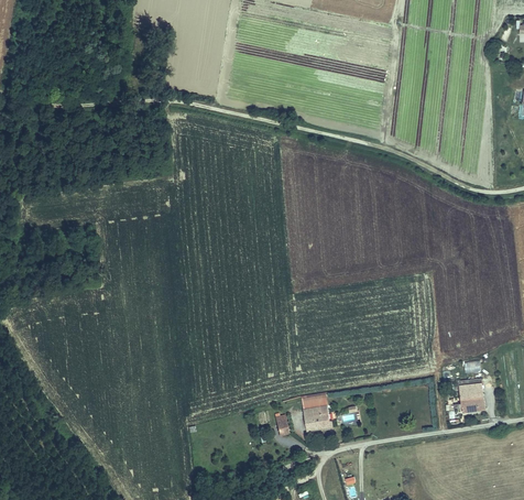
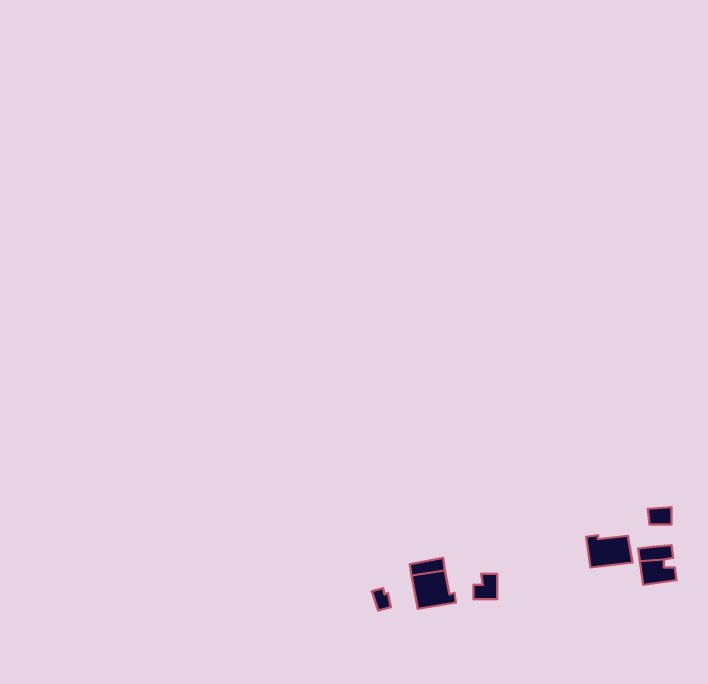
building: none -> [586,535,632,568]

